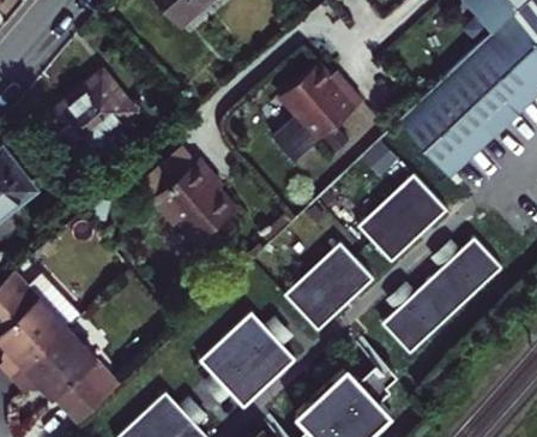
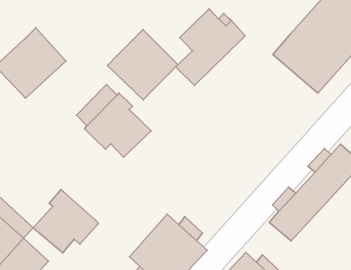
building: none -> [107,29,178,100]
building: [355,181,442,268] -> none
building: [282,249,369,334] -> none
building: none -> [33,190,99,253]

